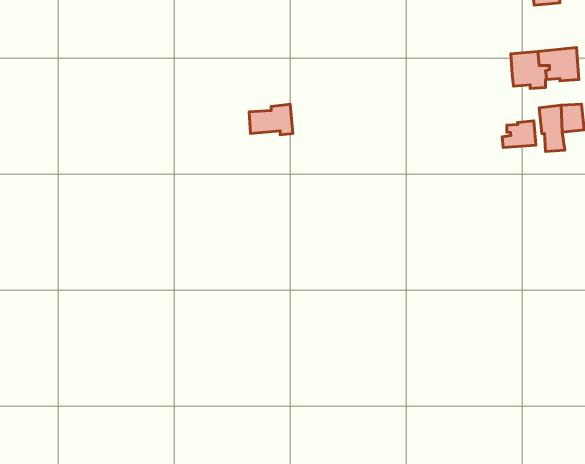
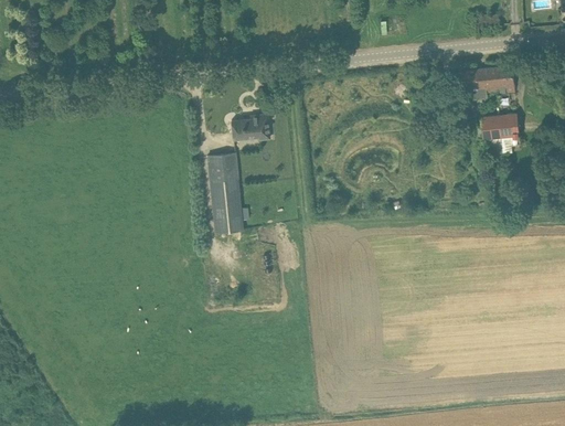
building: [502,121,536,147] -> none
building: none -> [207,153,248,233]

